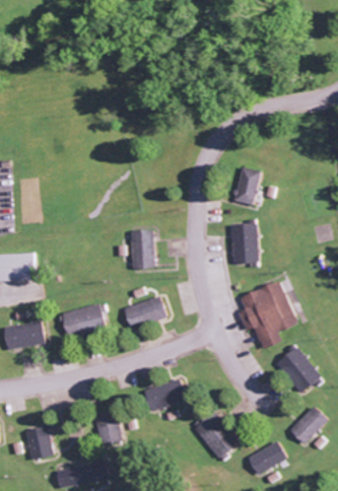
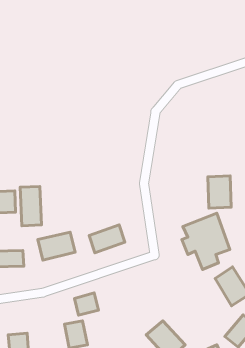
building: [232,166,261,205] -> none
building: [230,223,259,263] -> [208,176,231,208]
building: [130,229,154,269] -> none
building: none -> [20,187,41,226]
building: [145,382,175,410] -> [74,293,98,315]

